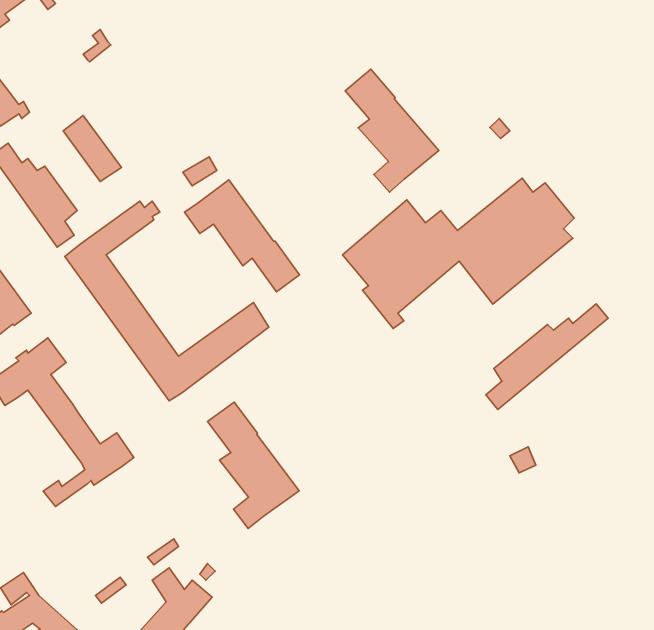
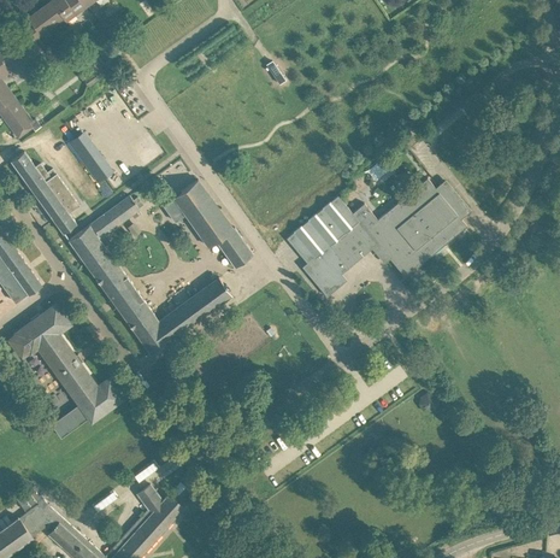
building: [345,69,439,192] -> none
building: [486,304,608,410] -> none
building: [208,402,299,528] -> none

